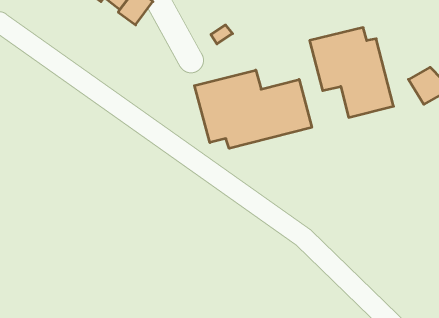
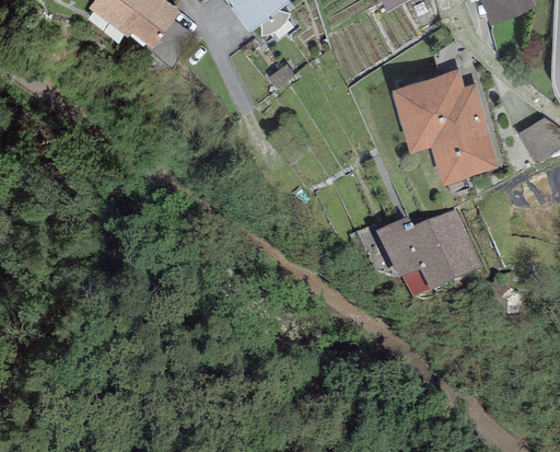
building: [194,70,312,148] -> none
building: none -> [376,213,481,303]

